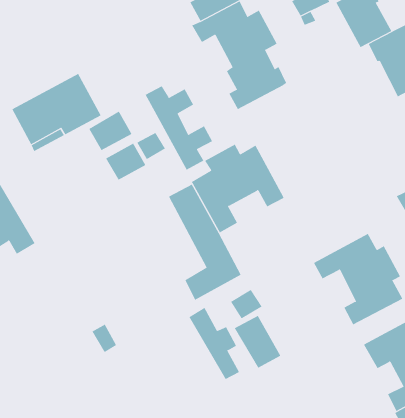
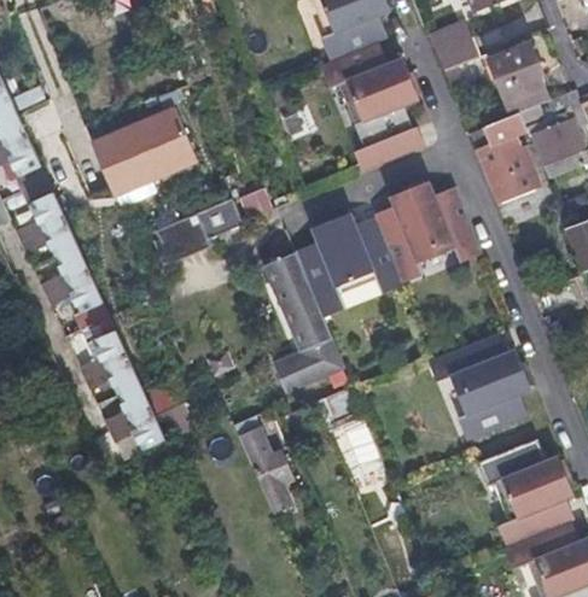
building: none -> [472,112,541,204]
building: [145,85,213,171] -> none
building: none -> [374,181,483,281]
building: [88,111,132,151] -> [158,212,209,257]
building: none -> [80,330,165,450]
building: [188,307,240,380] -> [239,426,292,514]

